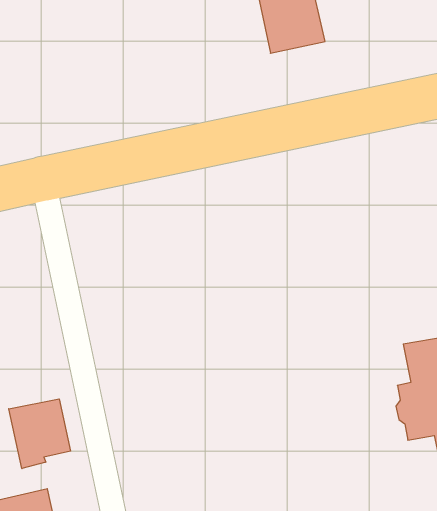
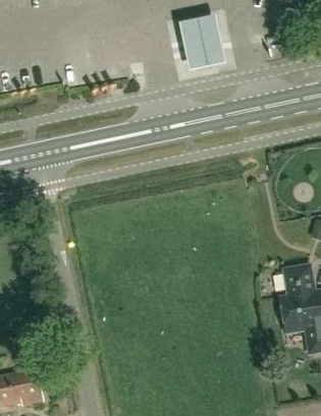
building: [9,399,71,469] -> none

